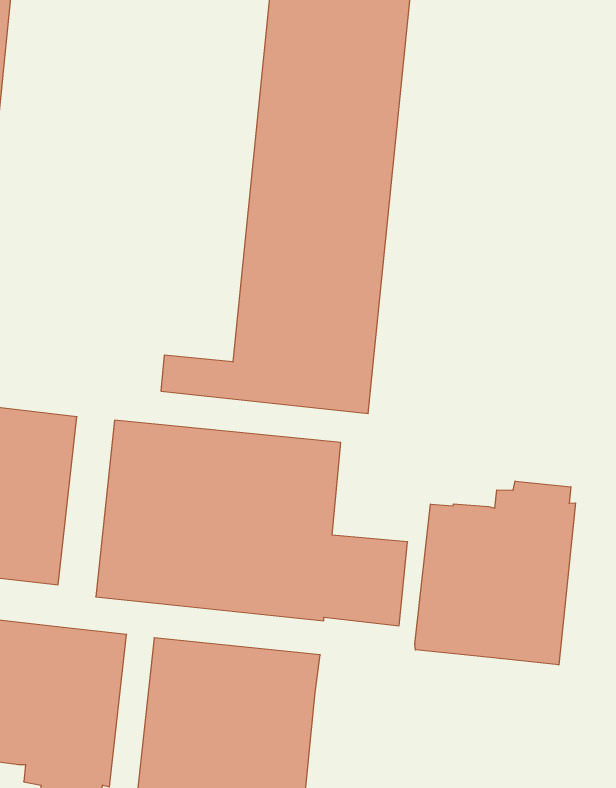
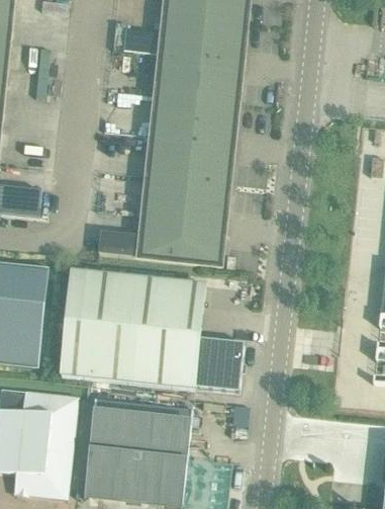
building: [415,481,576,665] -> none

